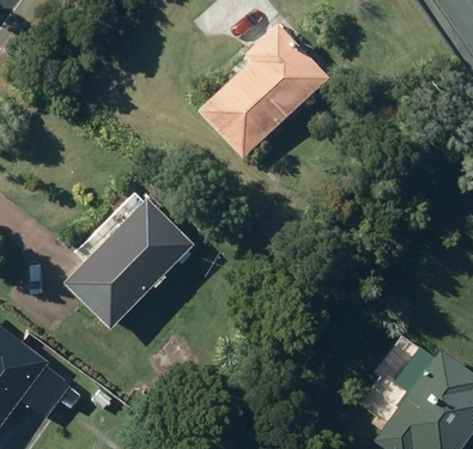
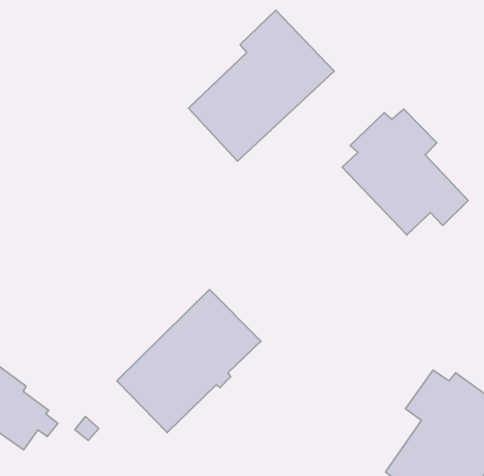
building: none -> [342,109,468,235]
building: [62,200,193,329] -> [117,290,261,433]

